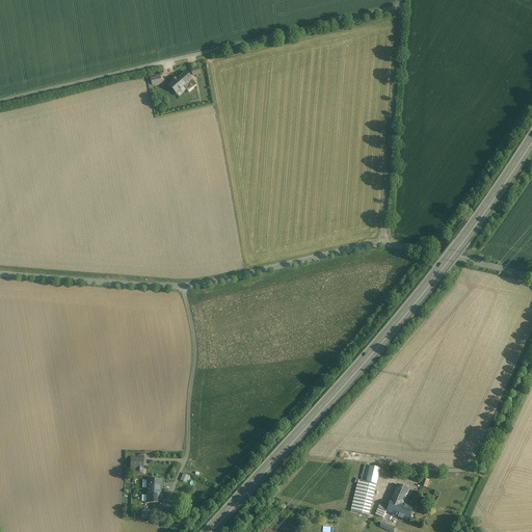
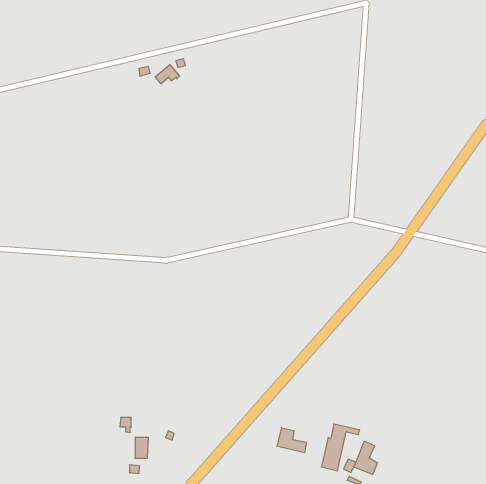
building: none -> [277,428,306,453]

